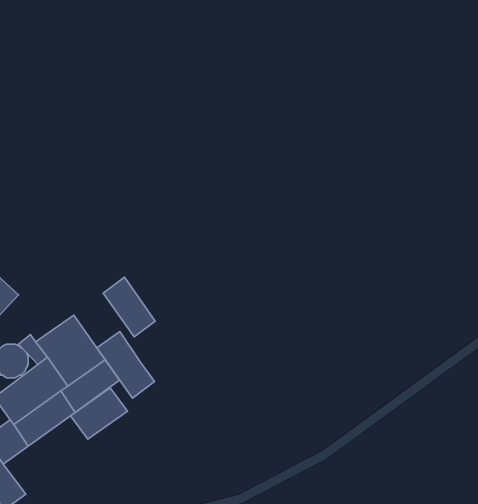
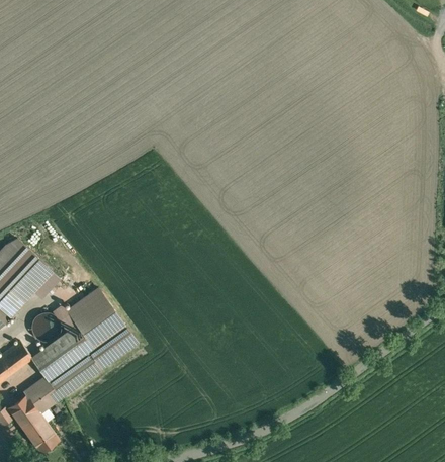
building: [103,277,155,337] -> none
building: [97,331,155,398] -> none
building: [71,388,128,439] -> none

